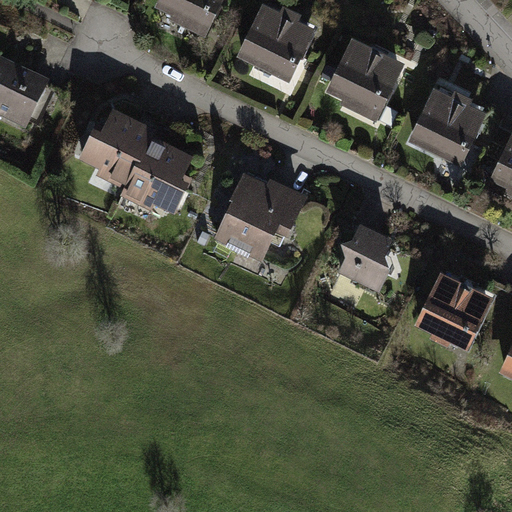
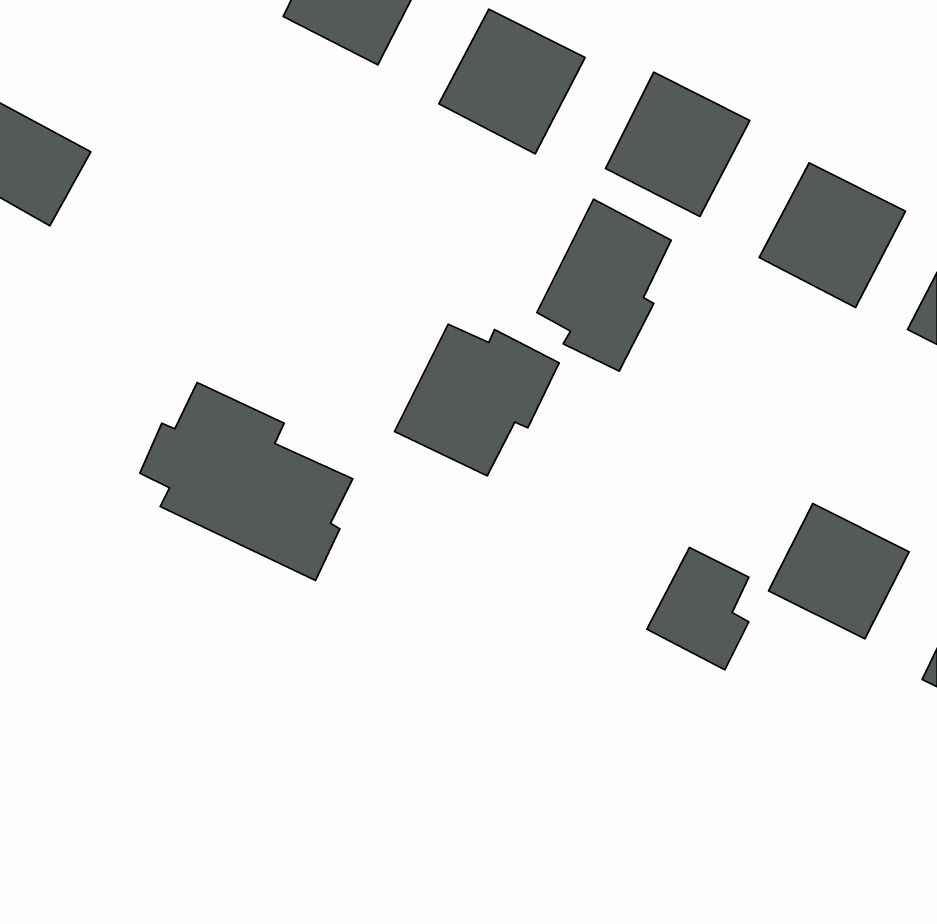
building: none -> [537,199,671,371]
building: [80,109,195,216] -> [140,382,353,581]
building: [338,223,393,289] -> [647,548,749,670]

